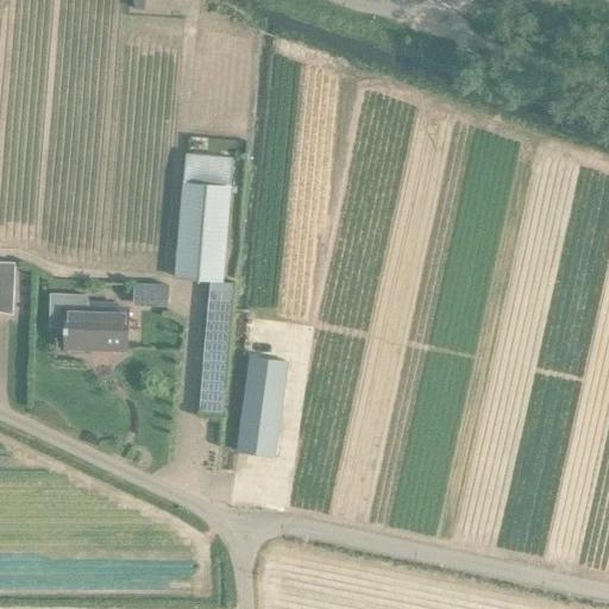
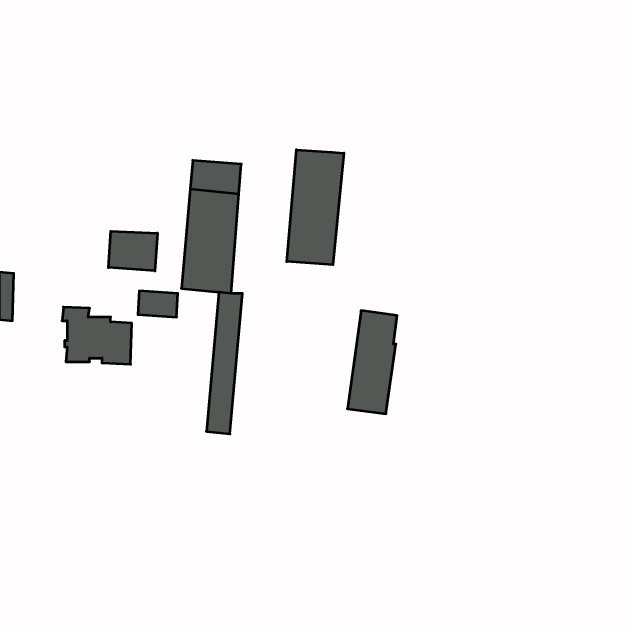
building: none -> [287,150,344,265]
building: none -> [108,231,157,271]
building: [236,358,283,457] -> [347,311,397,414]

